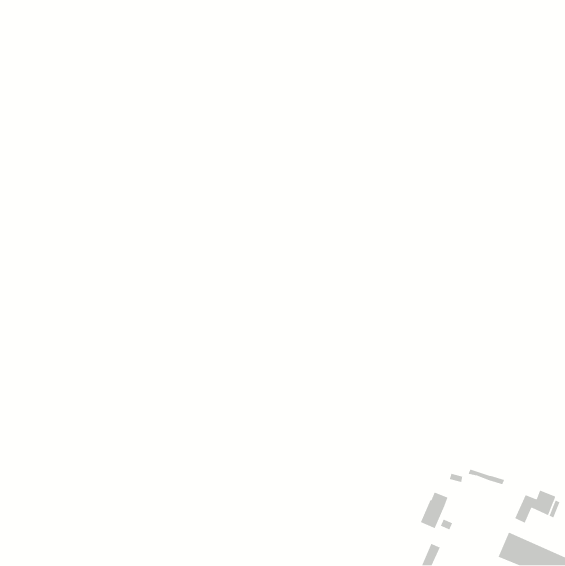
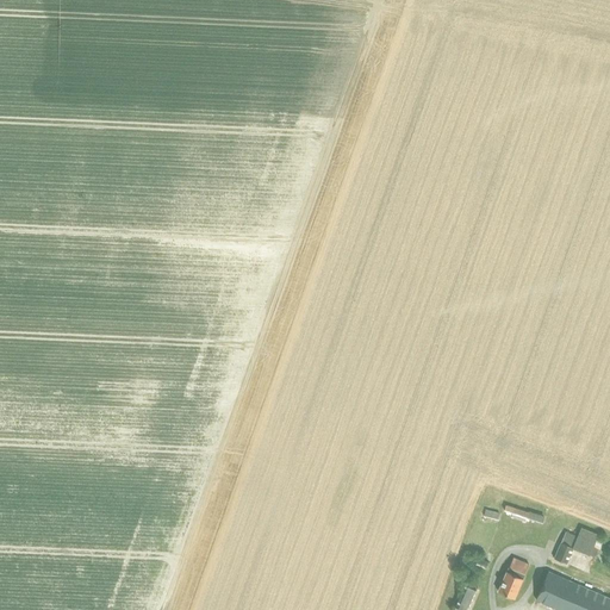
building: [420,492,449,529] -> [498,558,529,598]

